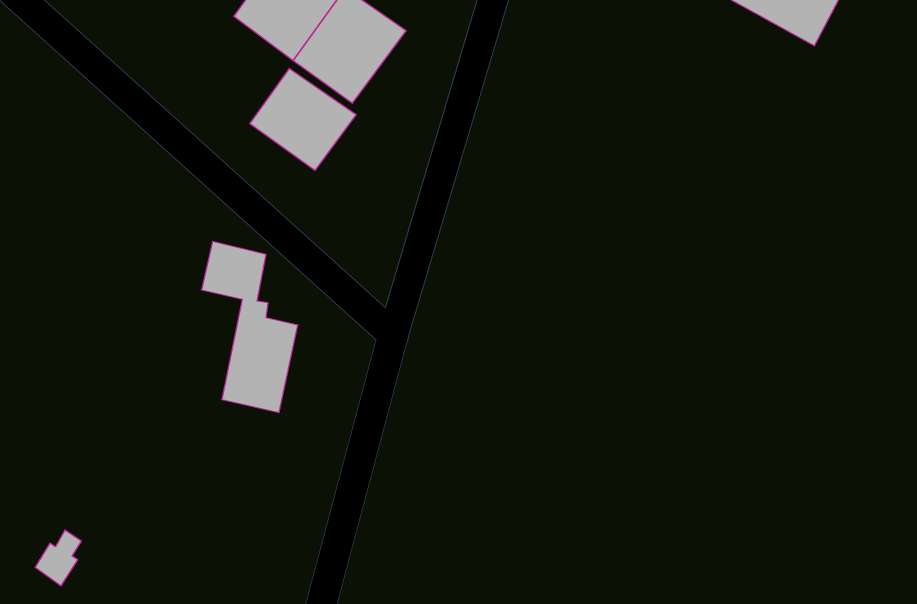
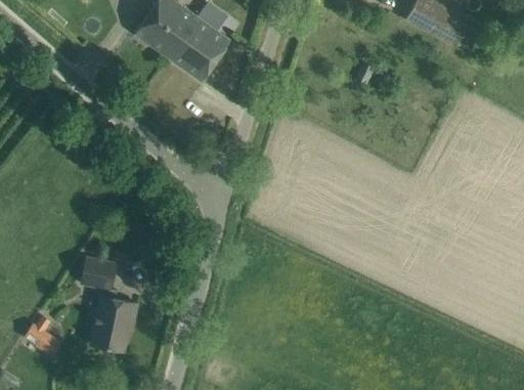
building: [250,68,356,170] -> none
building: [201,242,298,412] -> [82,256,135,350]

